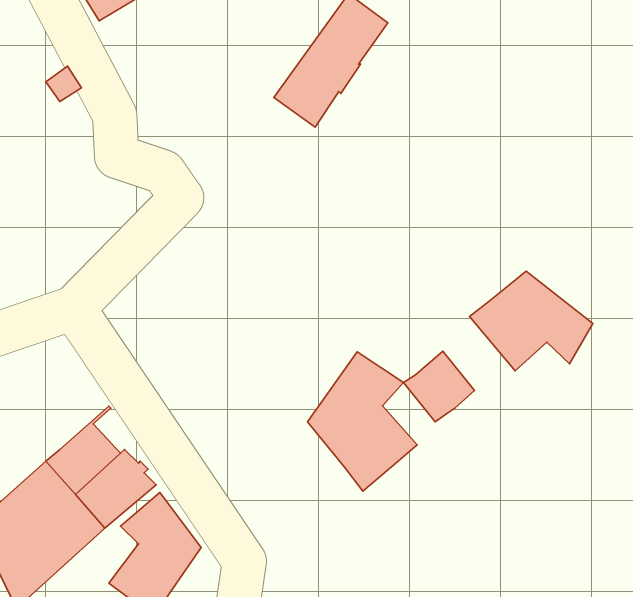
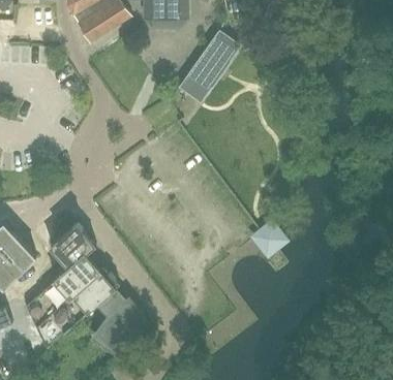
building: [469,271,593,371] -> none
building: [307,352,417,491] -> none
building: none -> [49,223,93,267]

